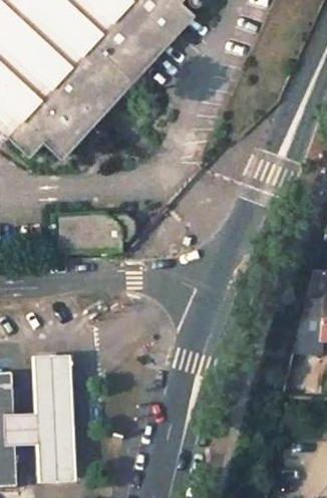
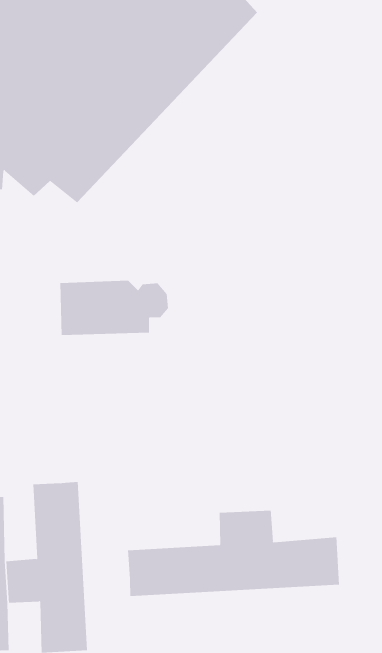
building: none -> [127,510,340,597]

